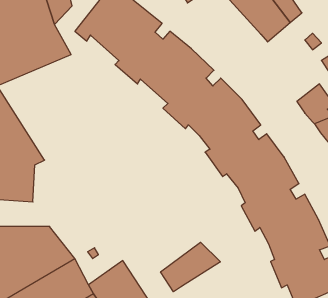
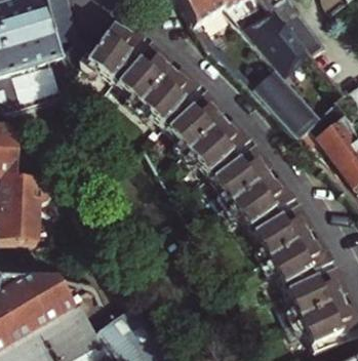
building: none -> [249,67,319,137]
building: [161,242,220,292] -> none

